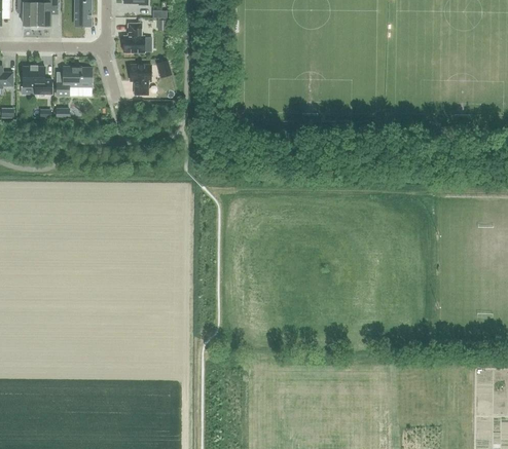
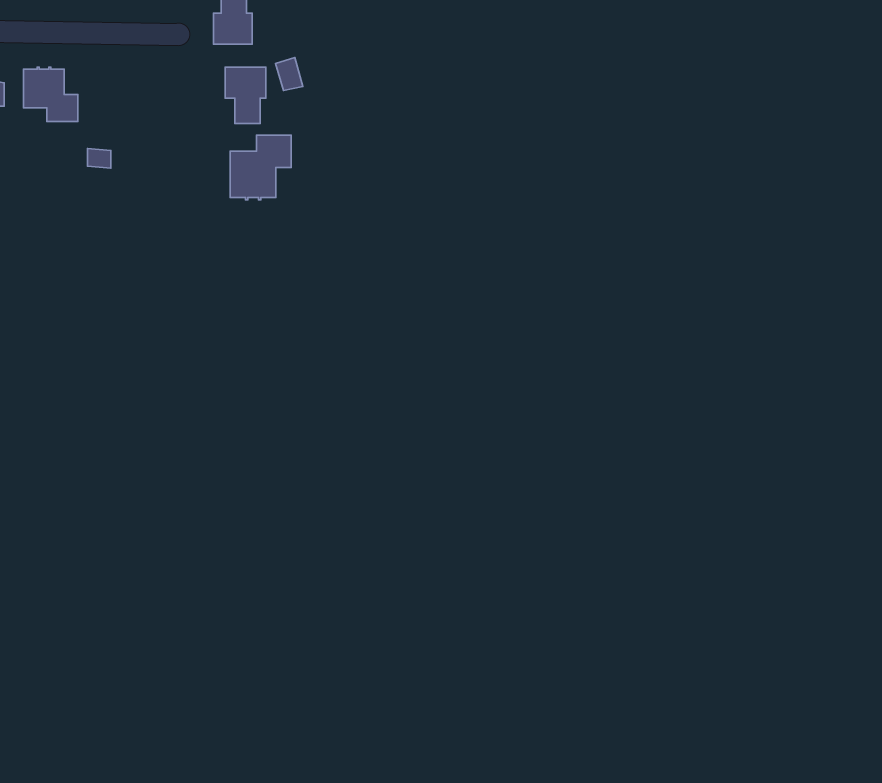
building: [56,67,90,96] -> none
building: none -> [230,135,291,200]

